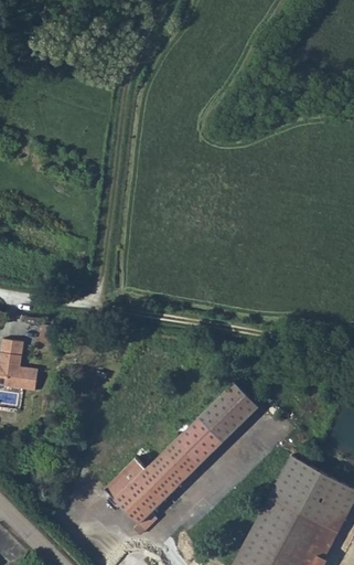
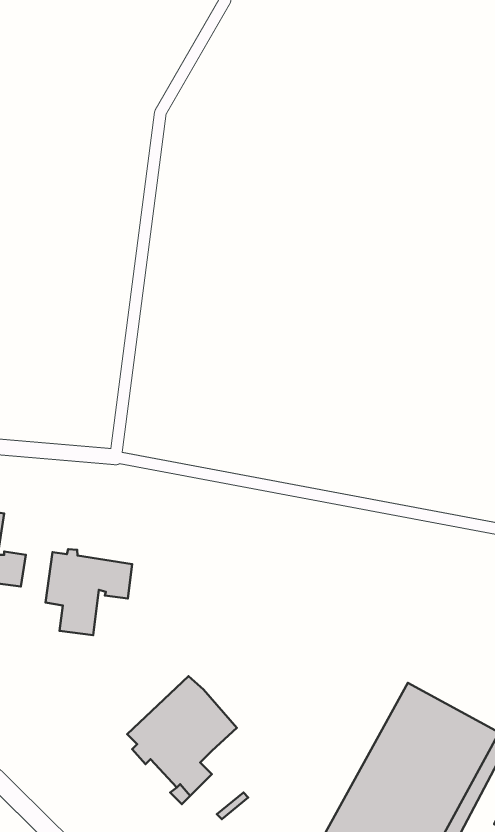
building: none -> [45,549,132,635]
building: [155,381,258,483] -> none

